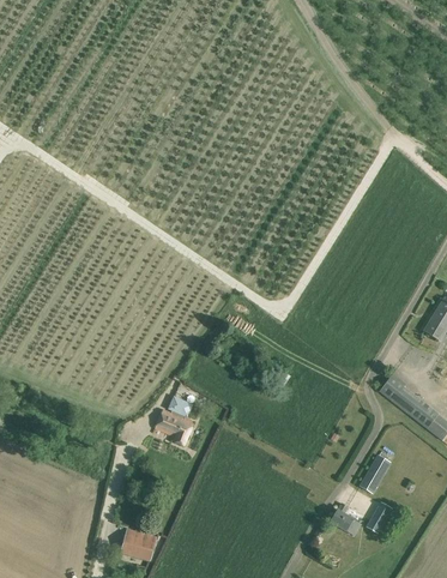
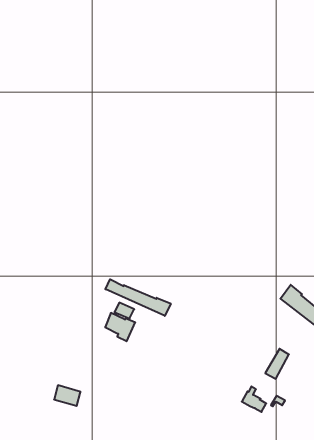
building: none -> [105,279,171,316]
building: [121,532,155,559] -> [54,385,81,406]

